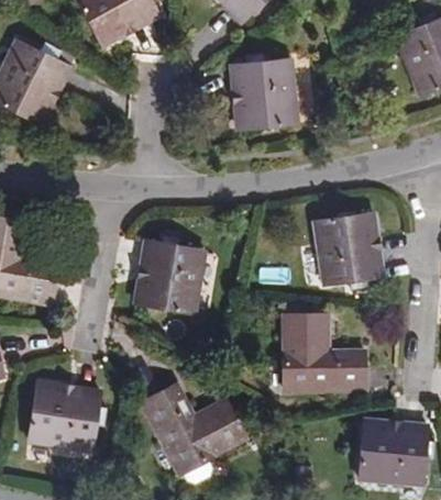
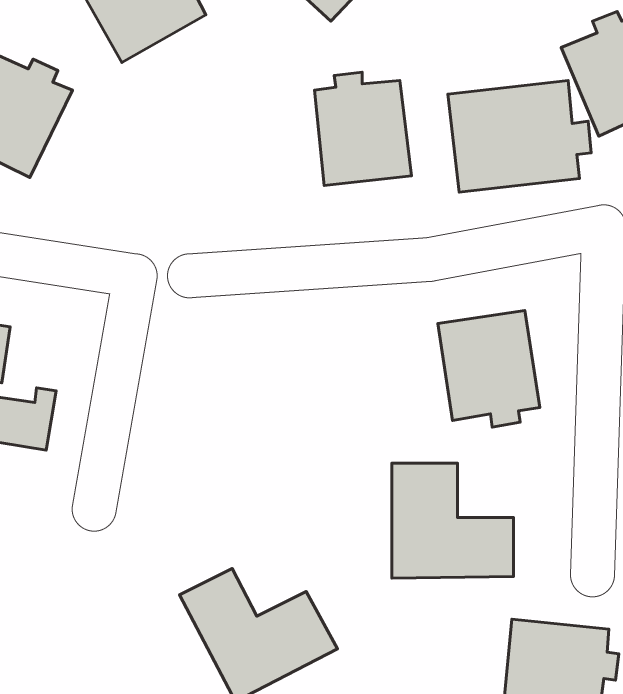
building: none -> [448,81,591,192]
building: [134,234,202,313] -> none
building: [26,382,106,449] -> none

